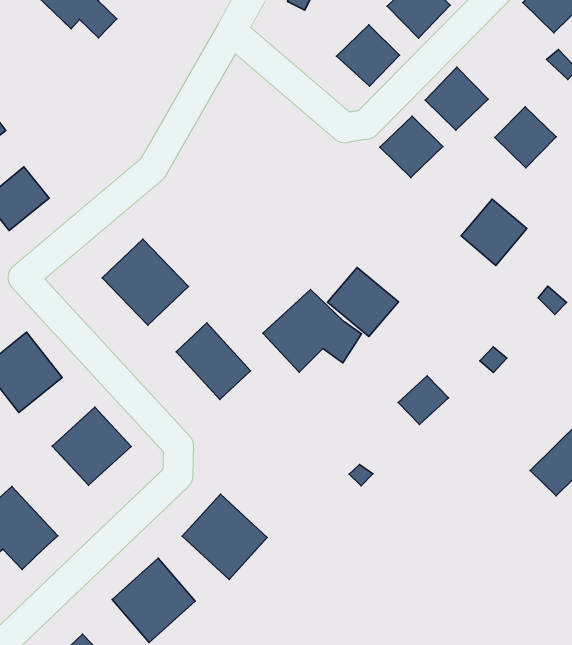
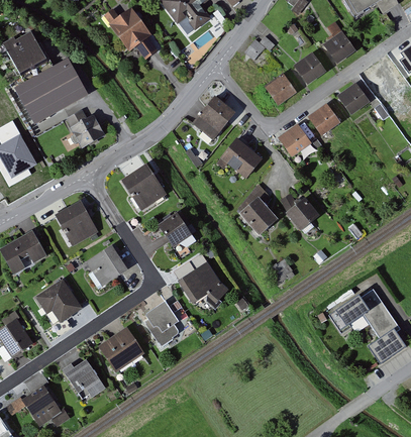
building: none -> [191,96,233,139]
building: [495,107,556,168] -> [335,83,367,114]
building: none -> [219,138,260,178]
building: [461,199,527,266] -> [284,197,318,231]
building: [263,290,362,372] -> [176,262,226,304]

